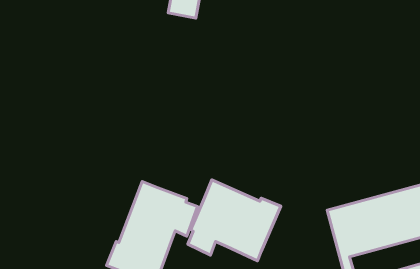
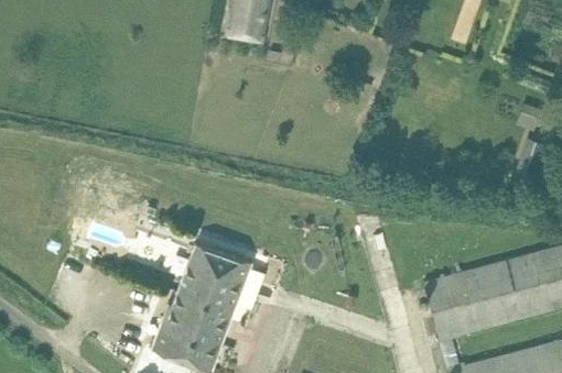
building: [188,180,281,261] -> none

